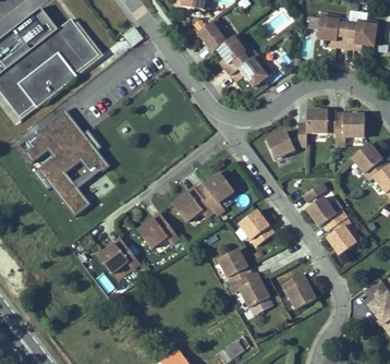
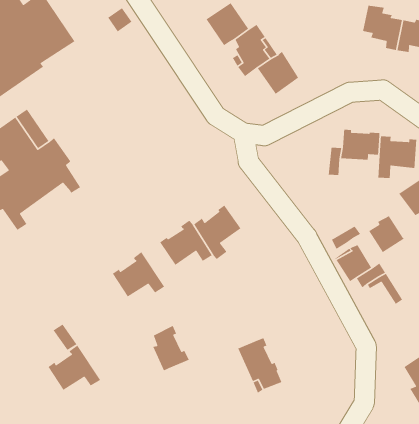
building: [266,131,295,158] -> none
building: [63,163,101,216] -> none
building: [239,209,273,243] -> none
building: [328,225,356,254] -> [368,215,405,253]
building: [98,236,139,272] -> [48,344,101,391]
building: [222,247,252,283] -> [152,325,190,371]
building: [287,272,316,308] -> none

